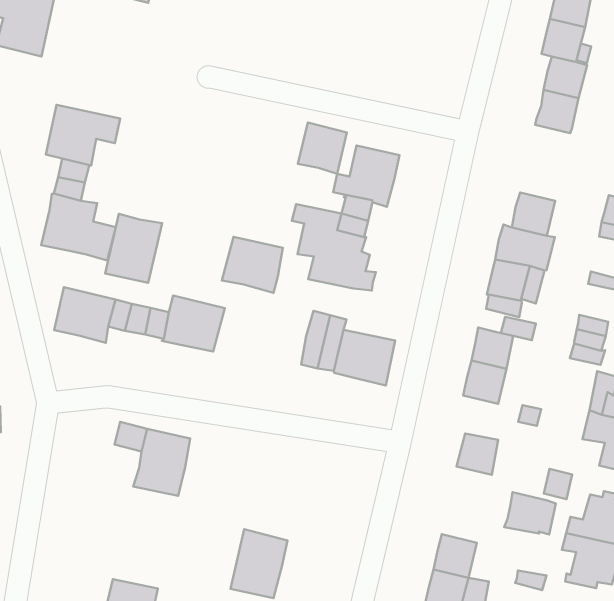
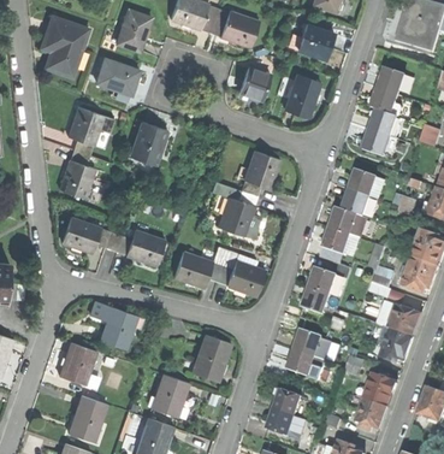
building: none -> [284,73,319,116]
building: none -> [96,58,138,94]
building: [298,123,347,174] -> [238,66,270,99]
building: none -> [349,169,385,197]
building: [105,214,162,283] -> [129,120,166,164]
building: [222,237,283,293] -> [173,250,212,287]
building: none -> [191,332,230,381]
building: [504,492,556,534] -> [286,348,319,376]
building: none -> [59,341,96,384]

